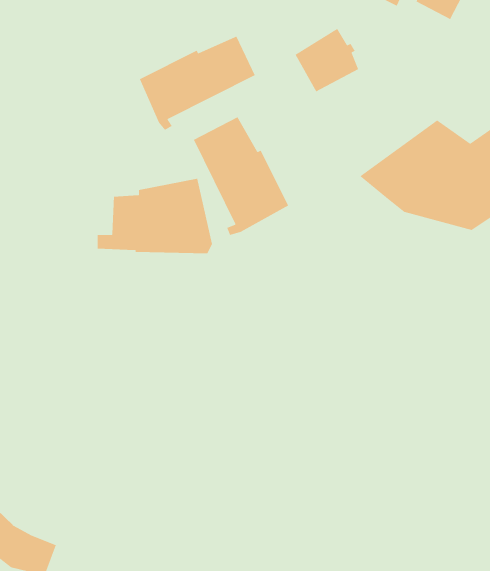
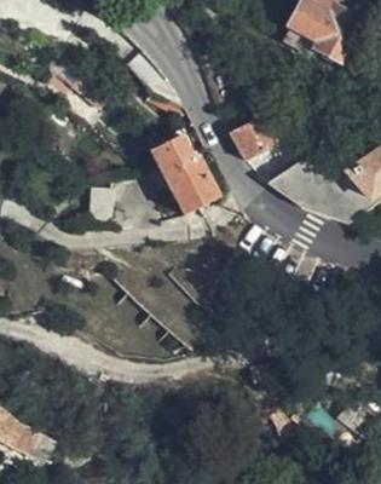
building: [294,28,359,93] -> [227,116,275,163]
building: [139,36,256,131] -> none

